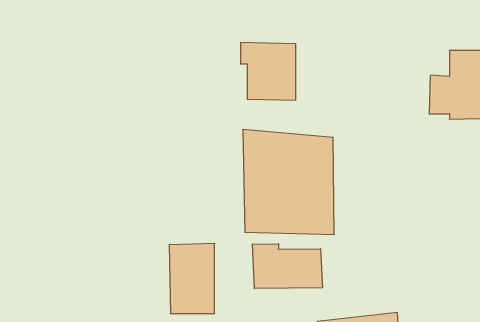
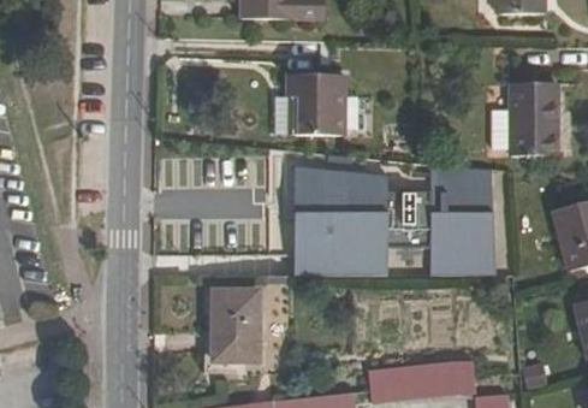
building: none -> [428,162,495,278]
building: [253,244,322,289] -> none

